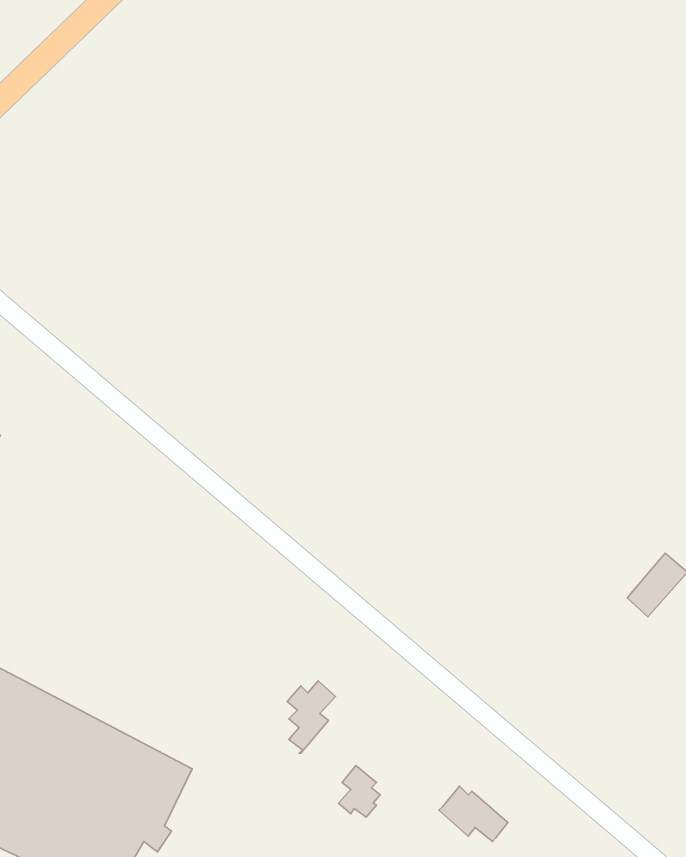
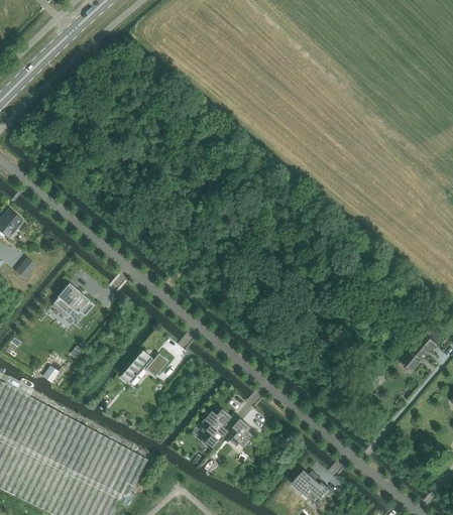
building: none -> [53,285,94,316]
building: none -> [121,350,167,384]
building: [339,765,380,817] -> [228,418,252,448]

